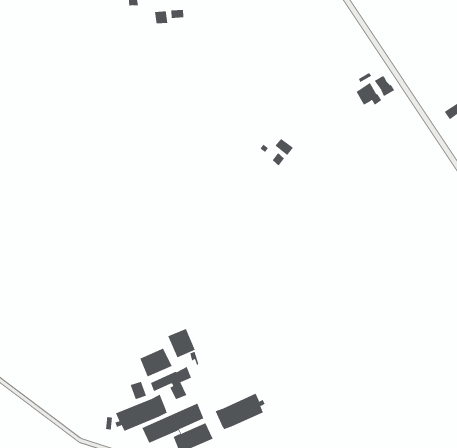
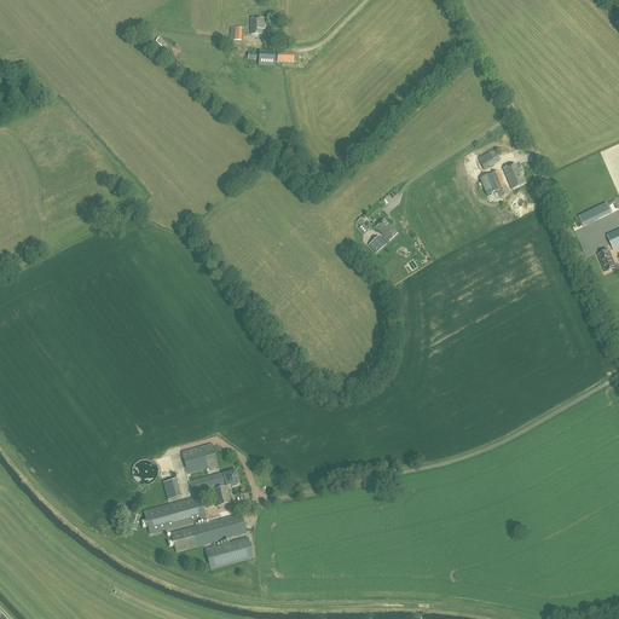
building: [167,328,195,358] -> none
building: [215,393,265,430] -> none

